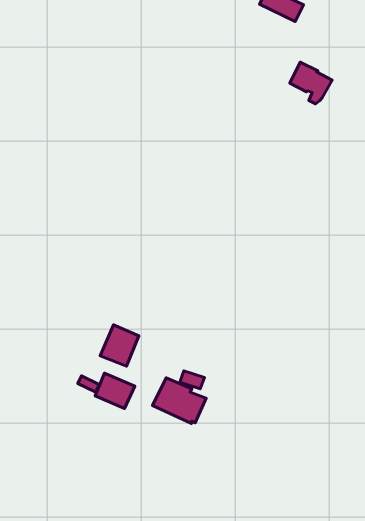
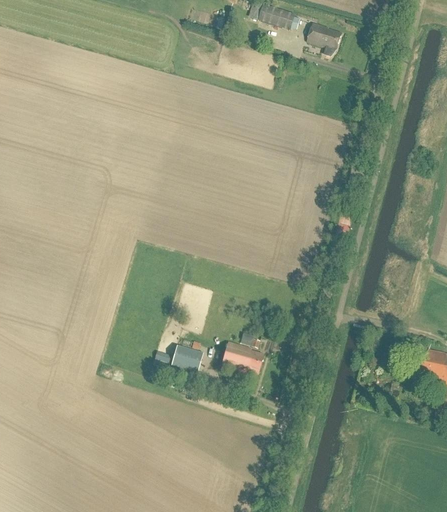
building: [290,62,332,104] -> [307,21,342,54]
building: [100,325,139,366] -> none

